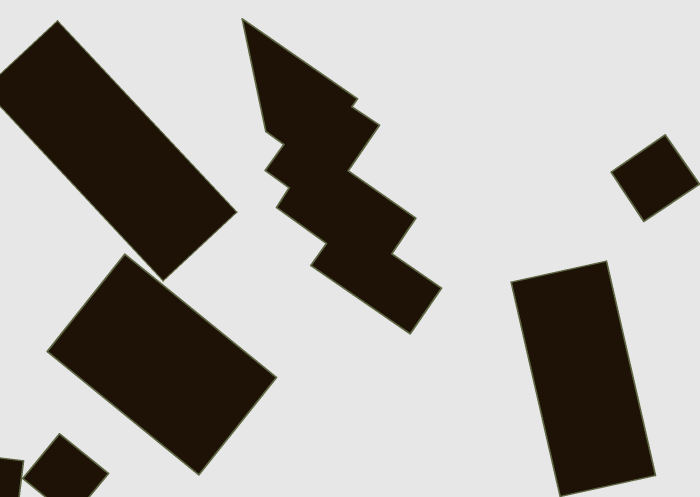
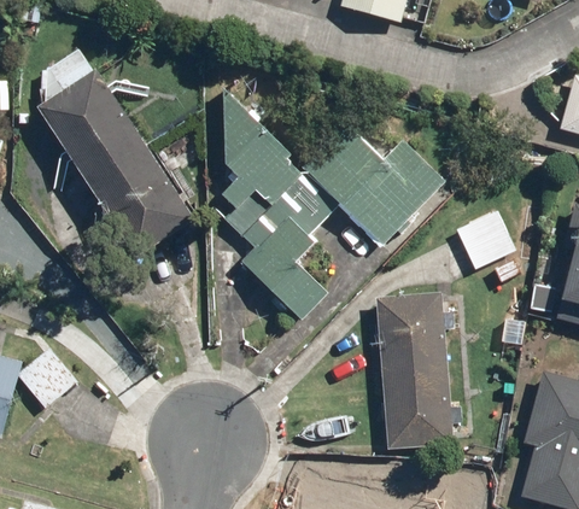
building: none -> [303,122,448,246]
building: [47,254,277,475] -> none

